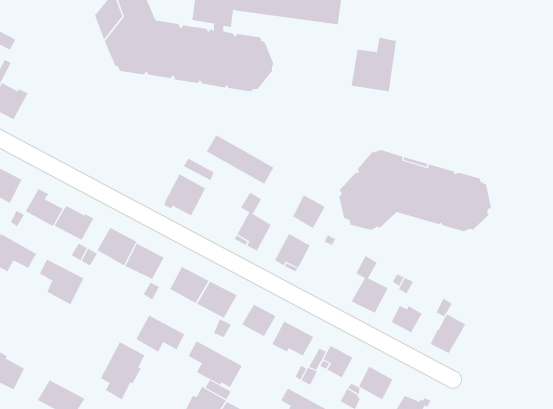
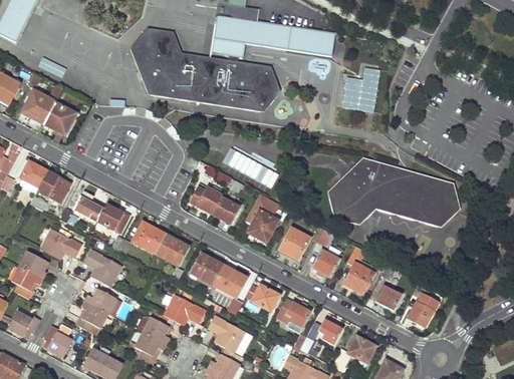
building: none -> [210,193,240,221]
building: [293,195,325,229] -> [310,249,337,277]
building: none -> [74,286,117,331]

